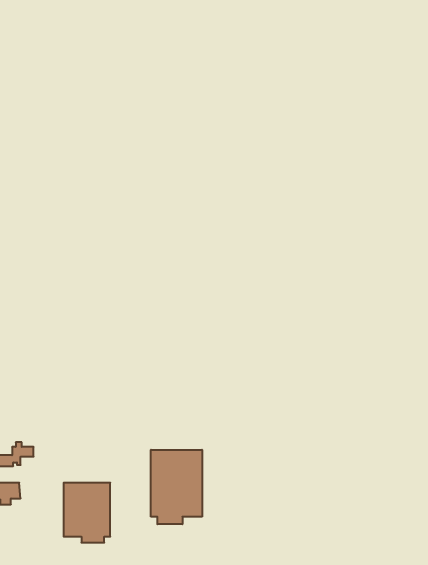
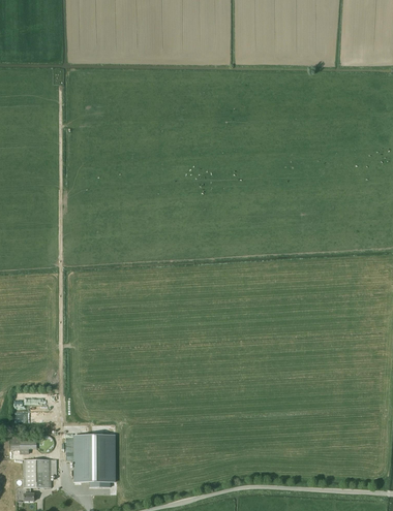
building: [151,450,202,524] -> none
building: none -> [24,458,56,492]

